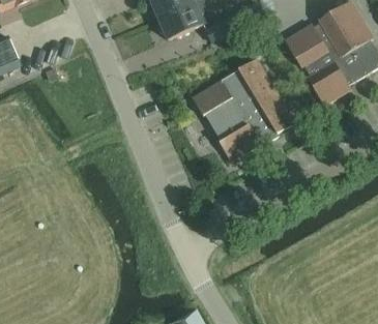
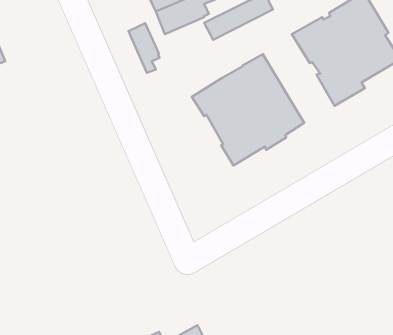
building: none -> [128,23,159,73]

